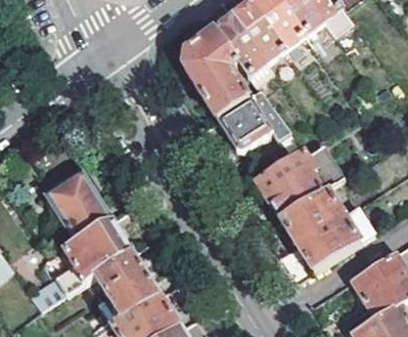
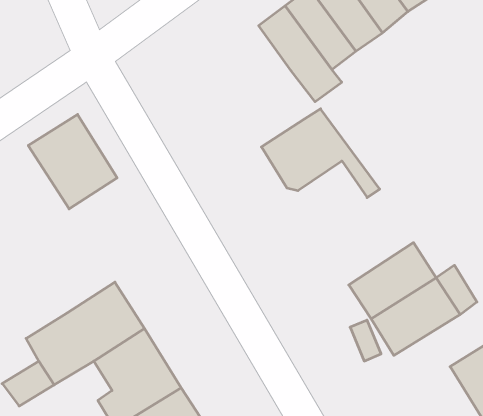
building: [183,31,247,119] -> none
building: [255,150,338,219] -> none
building: [45,171,109,240] -> [28,114,117,209]

